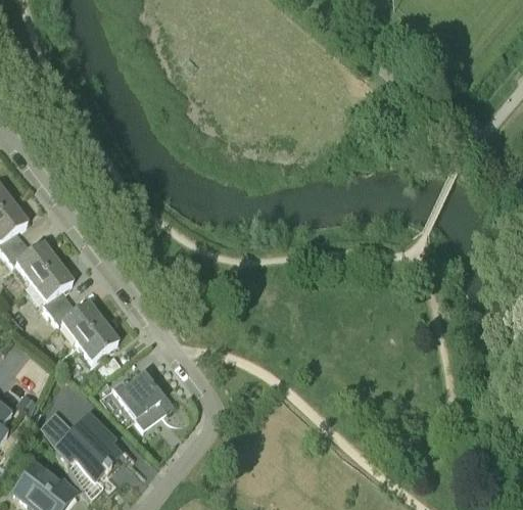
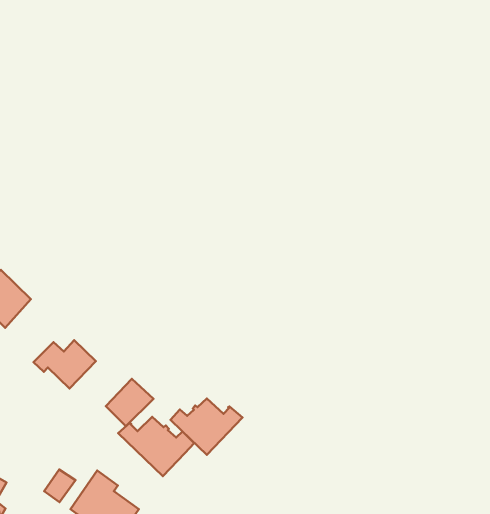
building: [31,261,79,314] -> none
building: [77,321,117,360] -> [106,379,153,426]
building: none -> [171,398,243,455]

